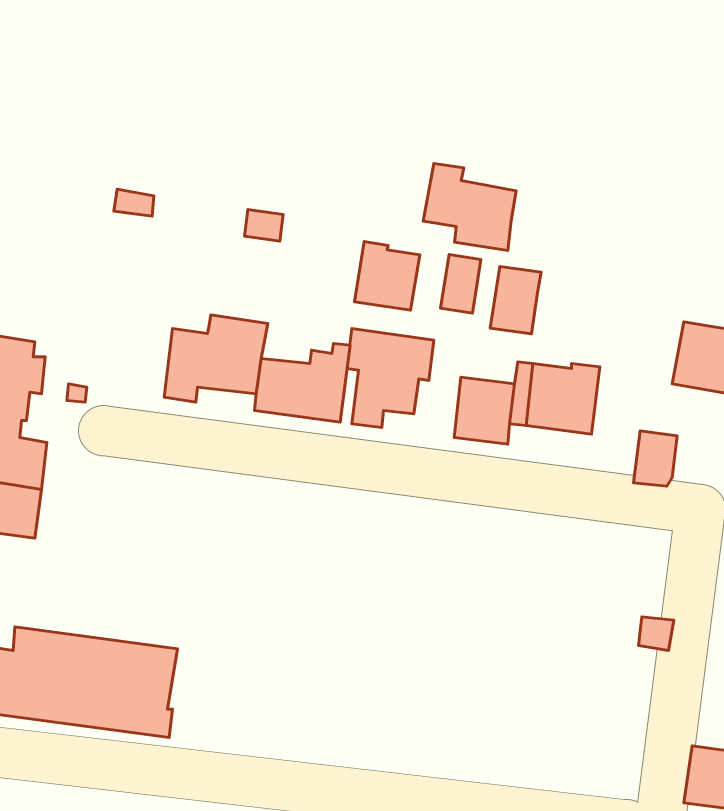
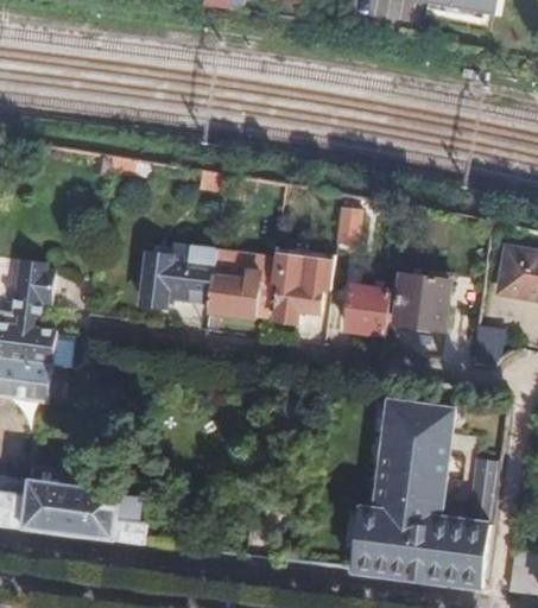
building: [423,164,516,251] -> none
building: [355,242,420,310] -> none
building: [490,266,541,334] -> none
building: none -> [353,403,492,587]

